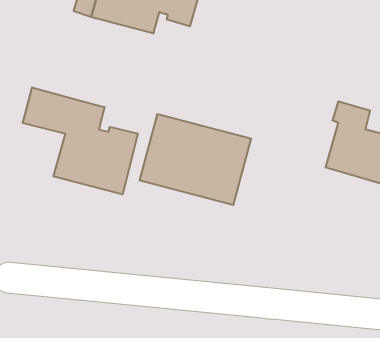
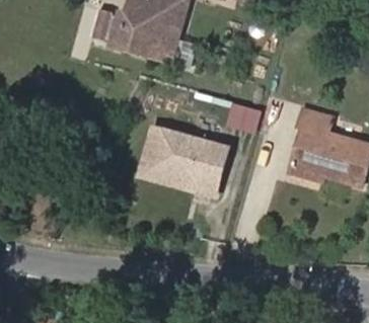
building: [23,87,138,194] -> none
building: none -> [224,102,260,134]

